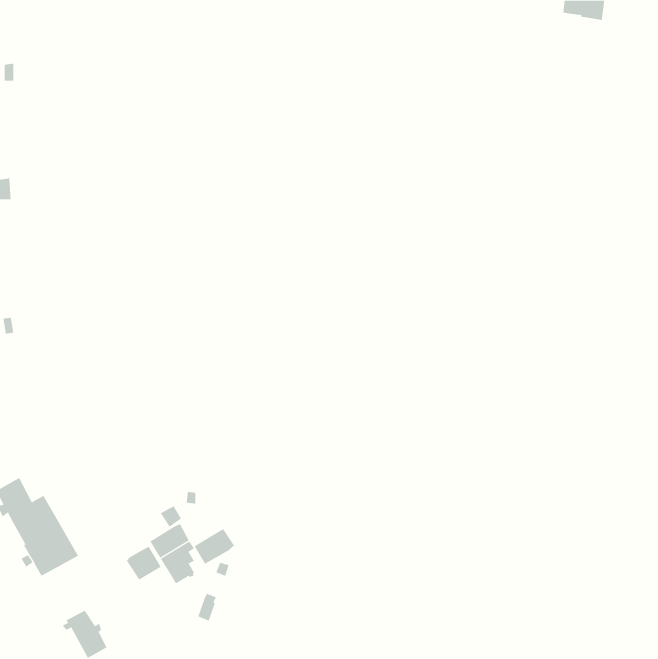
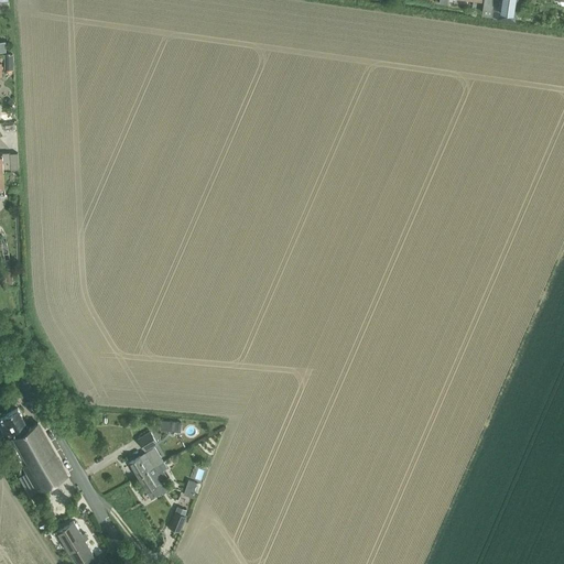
building: [194,528,235,565] -> none
building: [126,546,162,581] -> none

